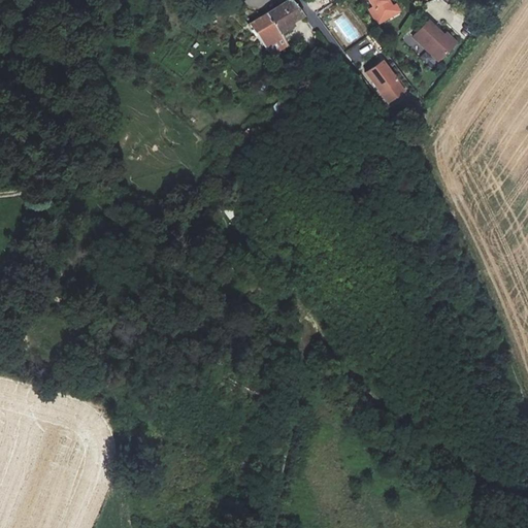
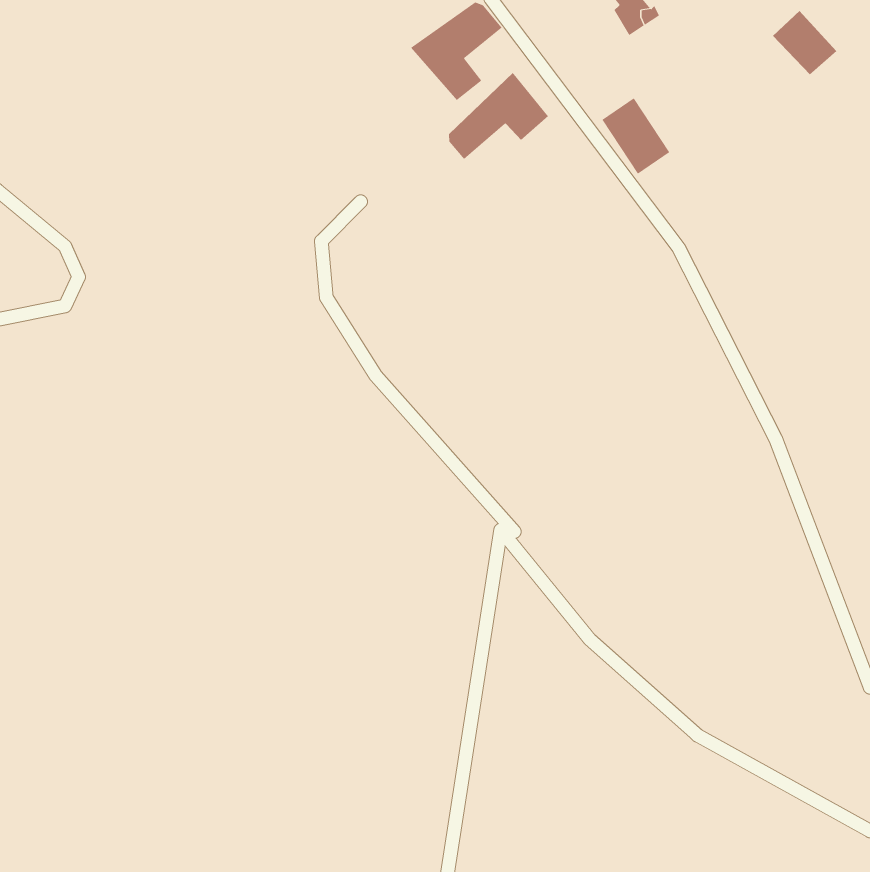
building: [418,16,457,56] -> [772,10,837,75]
building: none -> [448,72,549,160]

